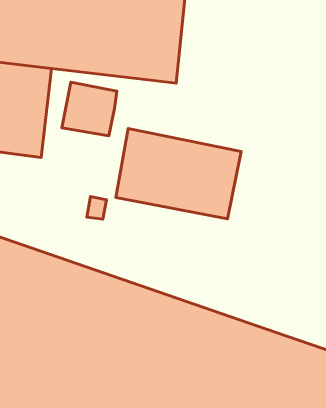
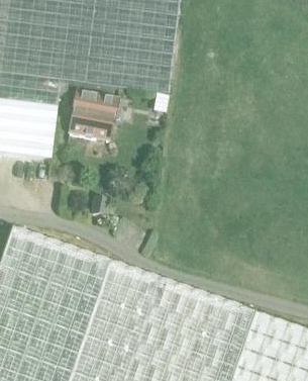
building: [116,129,241,219] -> none

